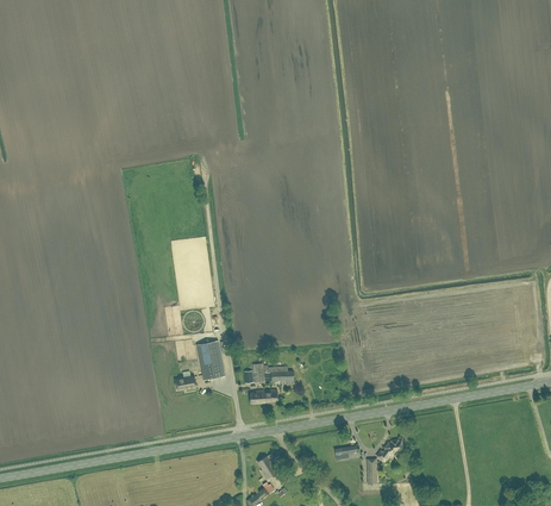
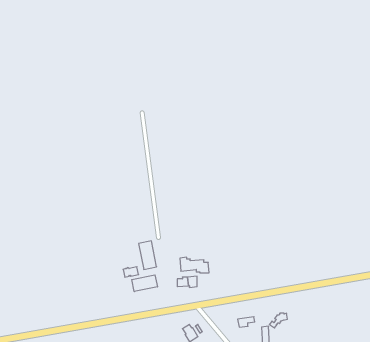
building: none -> [132,275,157,292]

